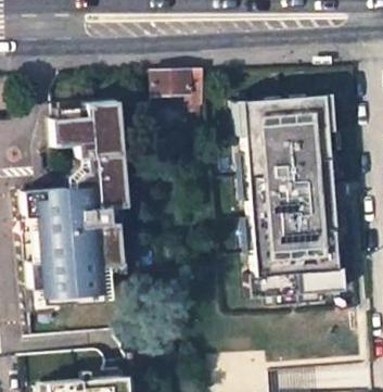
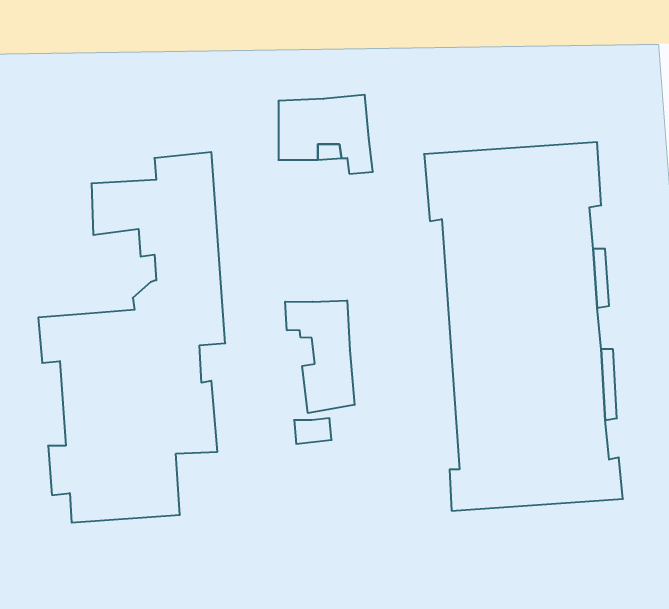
building: none -> [285,300,355,413]

